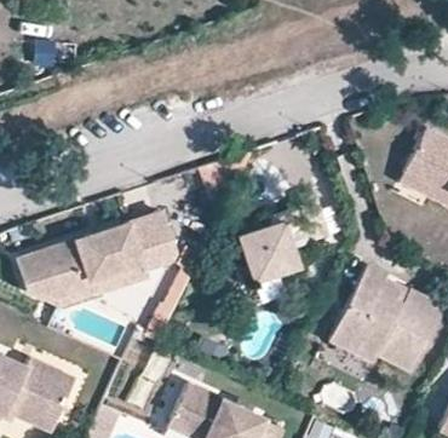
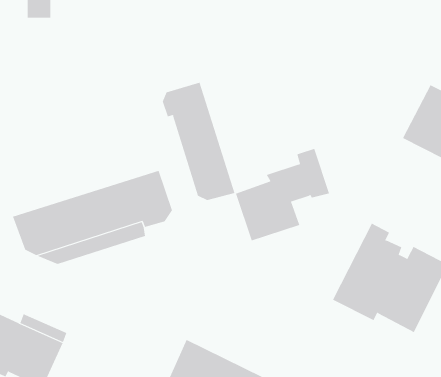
building: none -> [162,82,235,201]

